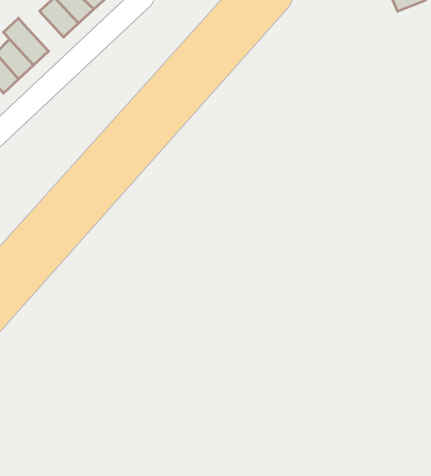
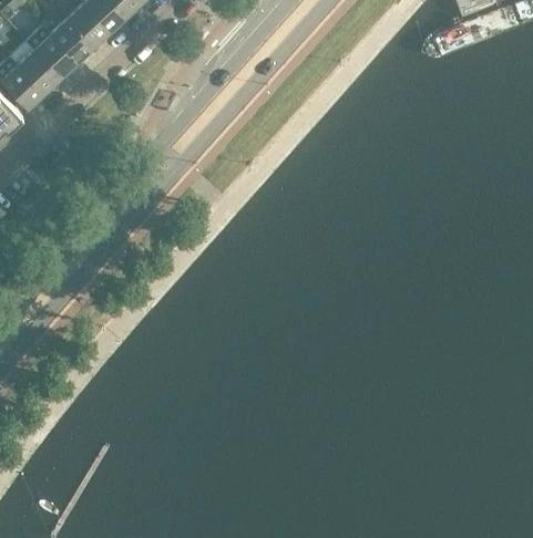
building: none -> [52,18,95,62]

